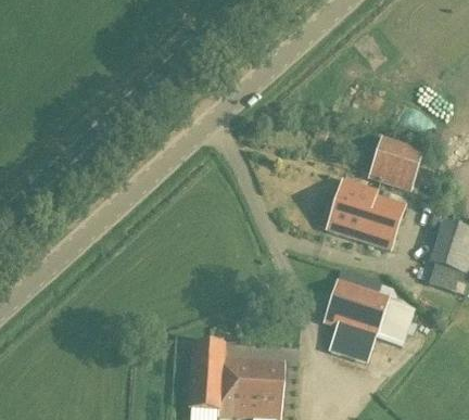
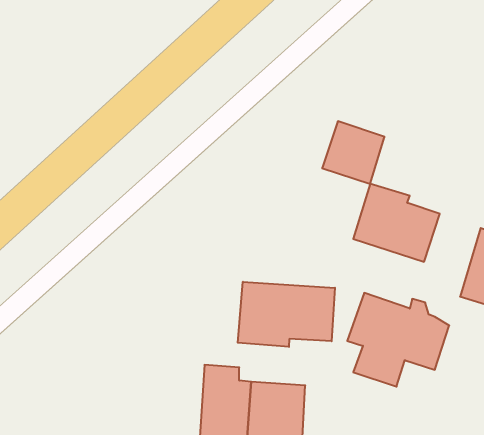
building: [367,135,423,191] -> [322,121,385,184]
building: none -> [238,282,335,347]

